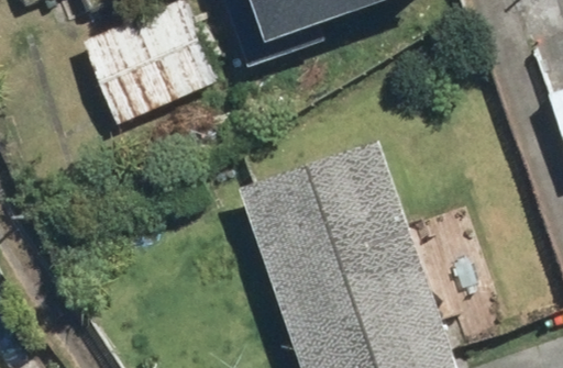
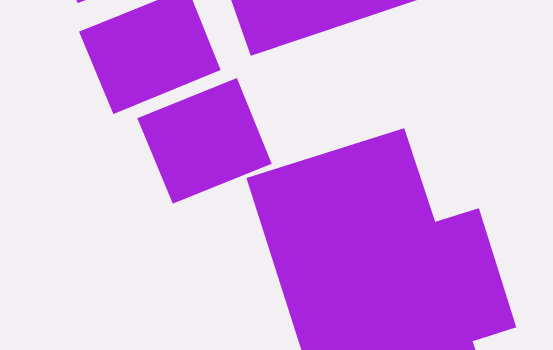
building: none -> [137,77,272,204]

